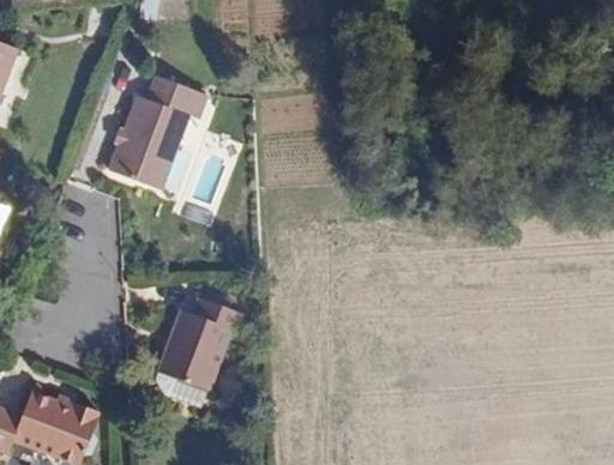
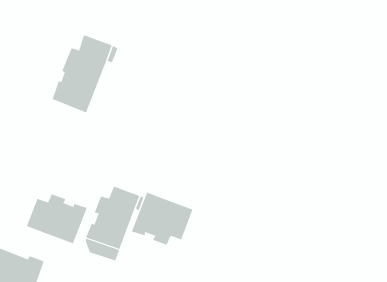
building: none -> [131,192,193,246]
building: none -> [26,194,87,244]

